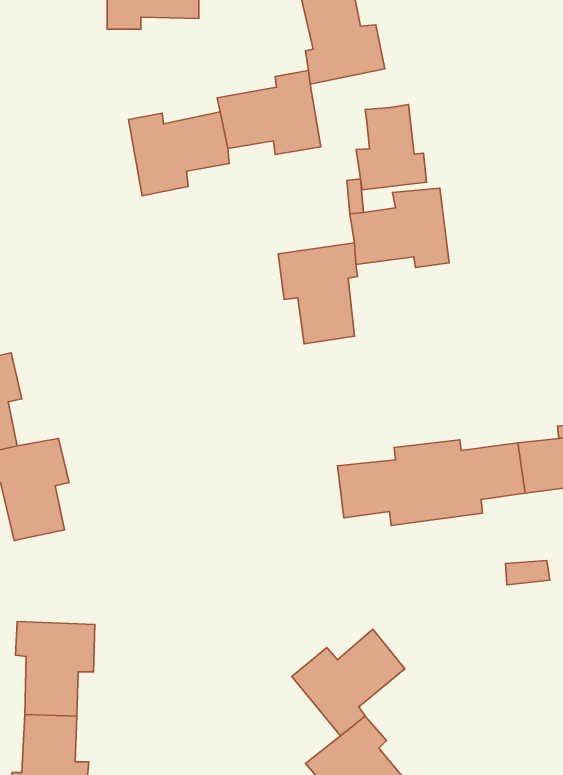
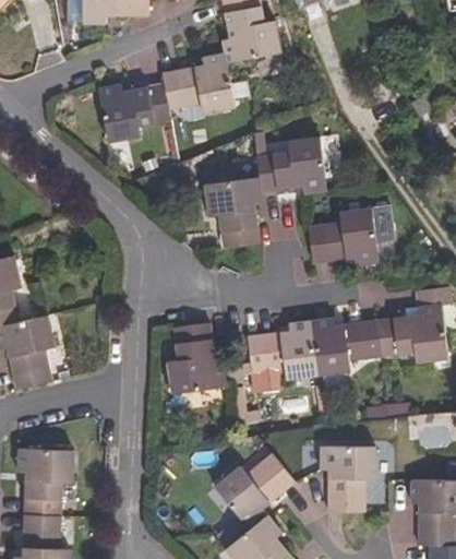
building: [356,104,426,190] -> none
building: none -> [308,207,380,265]
building: none -> [168,323,226,394]
building: none -> [321,445,376,512]

